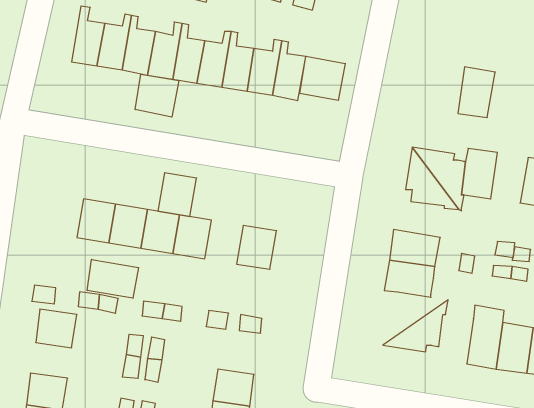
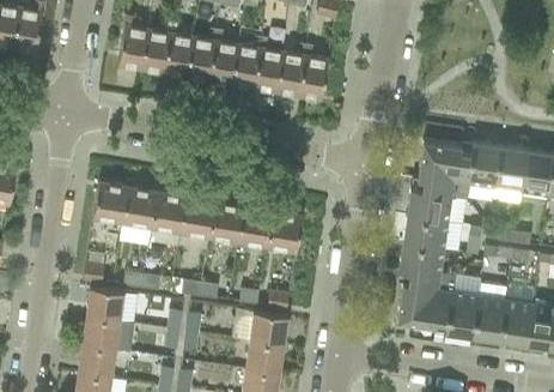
building: [300,56,345,100] -> none
building: [458,67,495,117] -> [495,145,529,191]
building: [135,74,179,117] -> none
building: [158,173,197,217] -> [238,206,273,246]
building: none -> [93,182,129,222]
building: none -> [408,187,453,222]
building: [87,259,139,298] -> none
building: none -> [398,271,457,319]
building: none -> [446,291,480,336]
building: none -> [232,312,287,345]
building: none -> [81,316,118,349]

